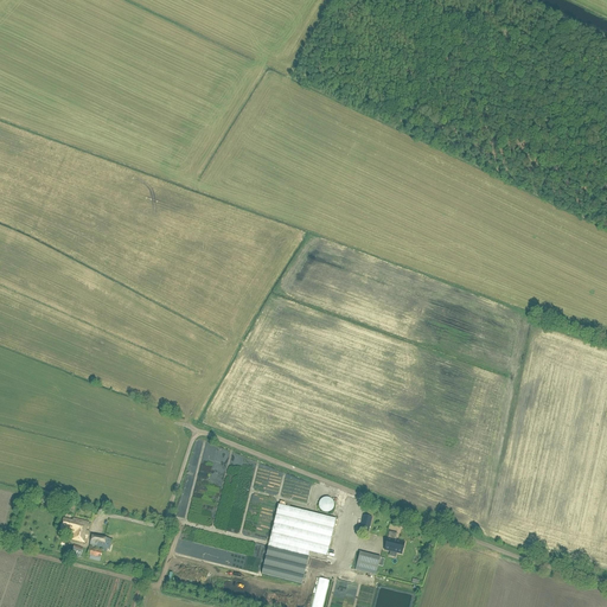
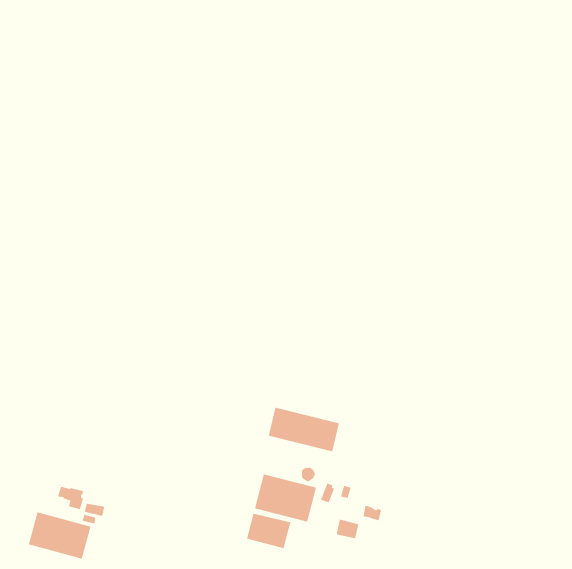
building: none -> [268,407,339,452]
building: none -> [28,512,91,560]

